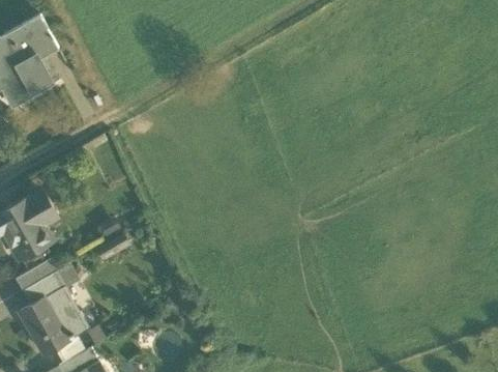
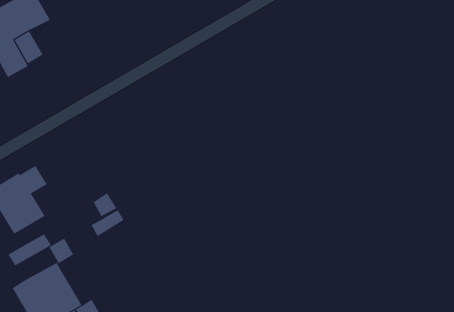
building: [22,271,63,305] -> none

